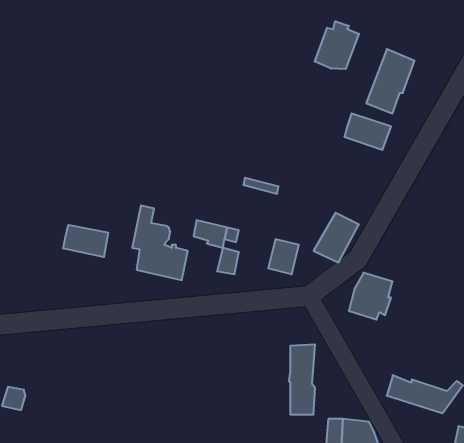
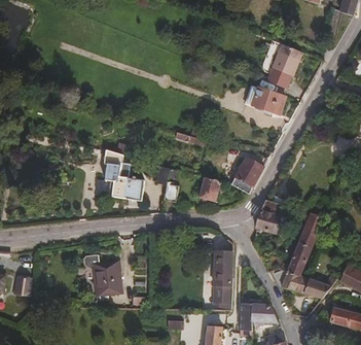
building: [315,21,359,69] -> none
building: [63,225,108,257] -> none
building: none -> [264,213,324,277]
building: none -> [85,253,121,295]

